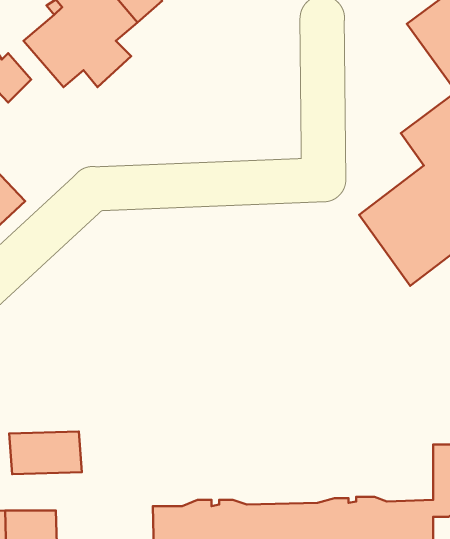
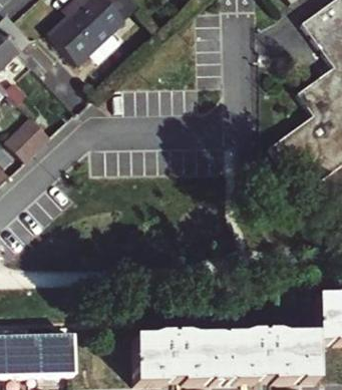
building: [9,432,82,474] -> none

